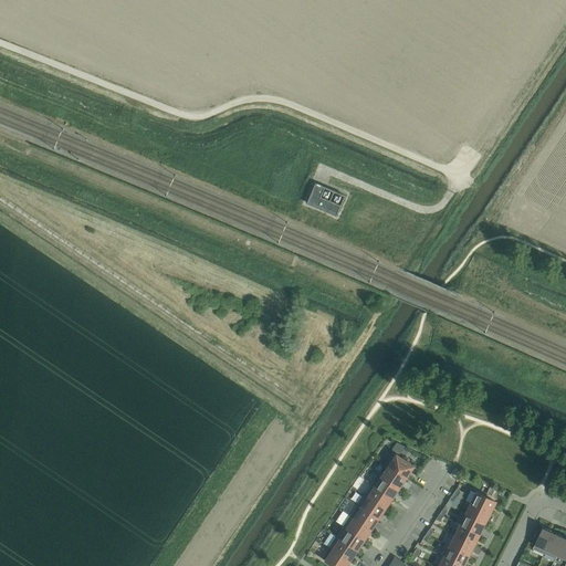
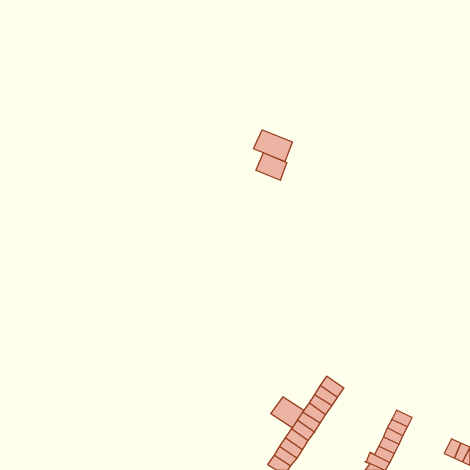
building: none -> [254,130,293,162]
building: none -> [271,397,304,428]

